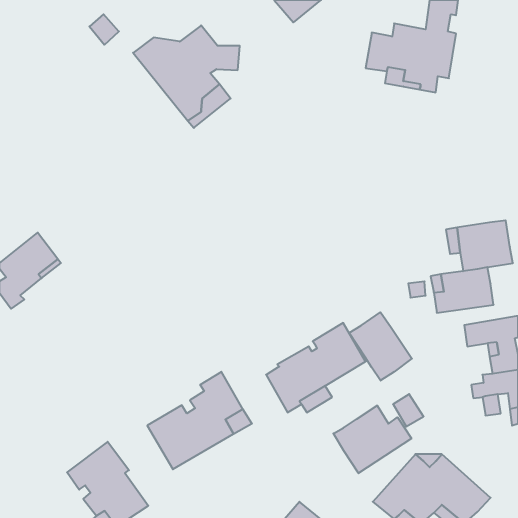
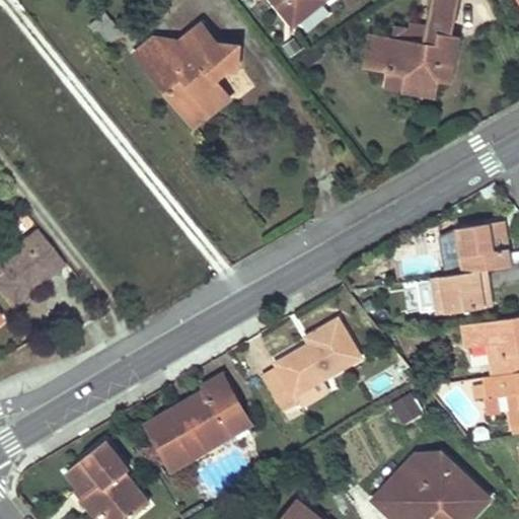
building: [349,312,412,381] -> none
building: [333,405,411,473] -> none

